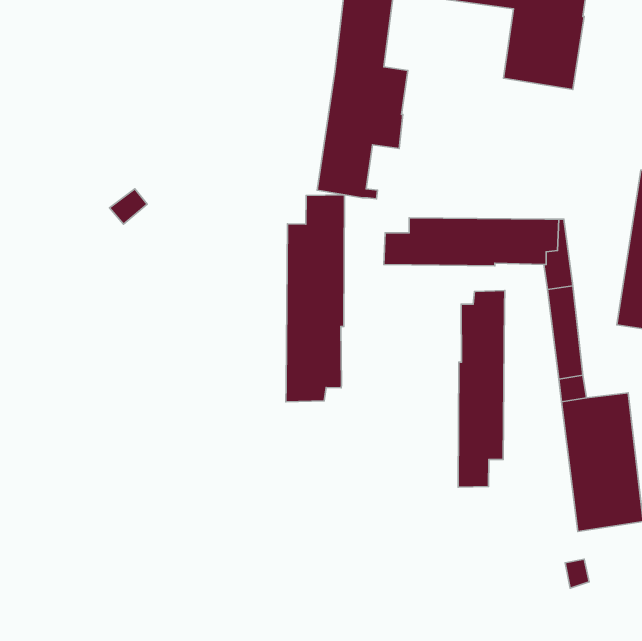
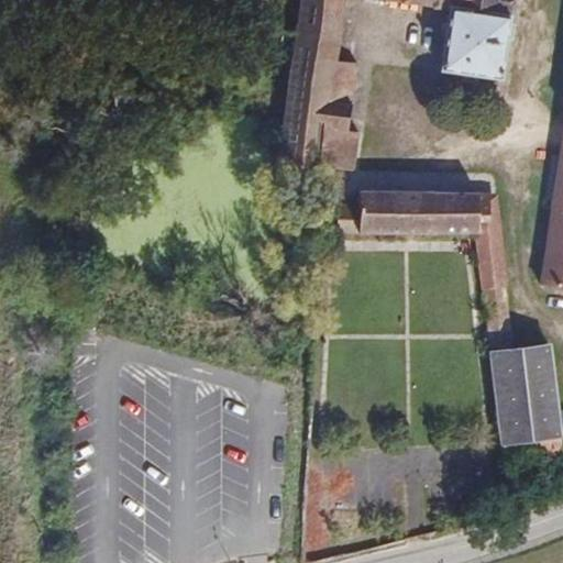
building: none -> [321,126,360,169]
building: [286,195,345,402] -> none
building: [458,291,505,487] -> none

